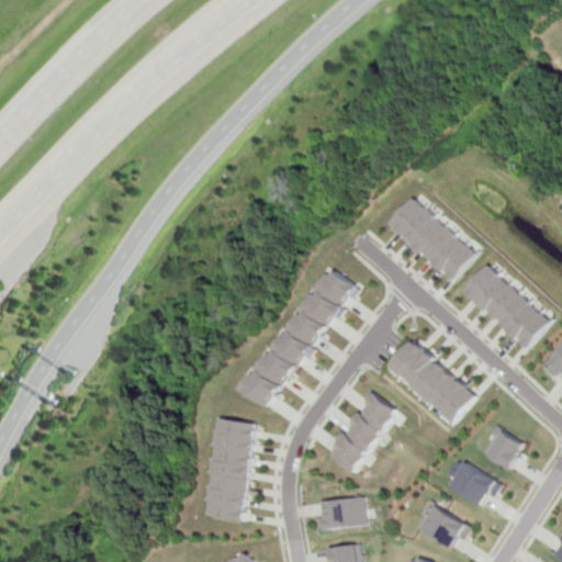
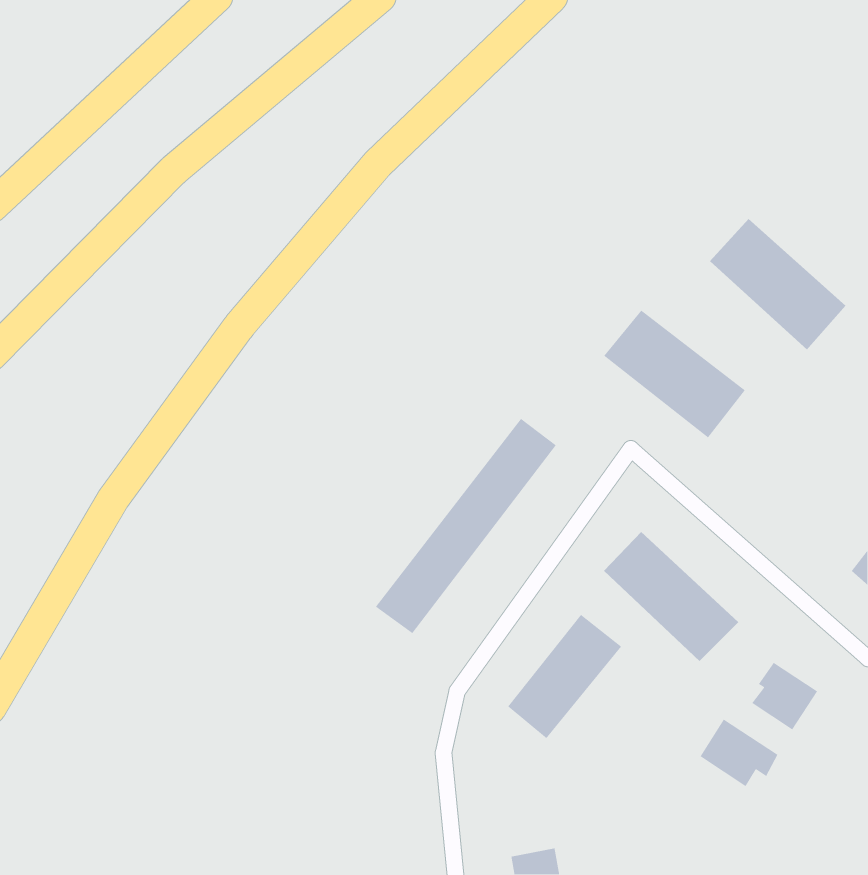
building: [461,263,549,348] -> [709,218,847,350]
building: [205,416,256,519] -> none
building: [321,497,361,527] -> none
building: [414,501,465,549] -> none

